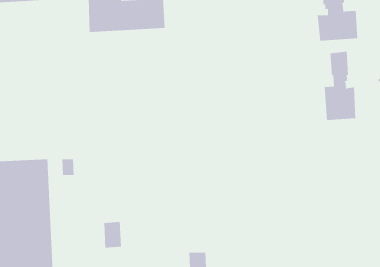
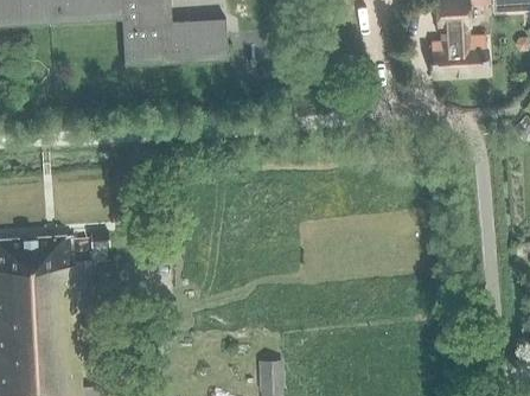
building: [324,51,356,121] -> none
building: [104,221,121,249] -> none

